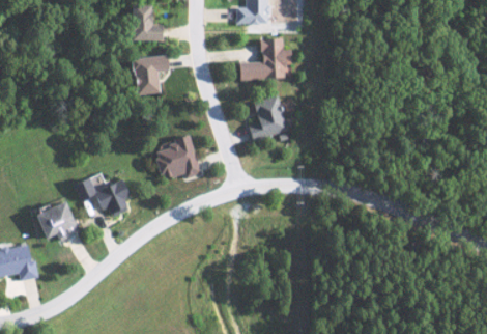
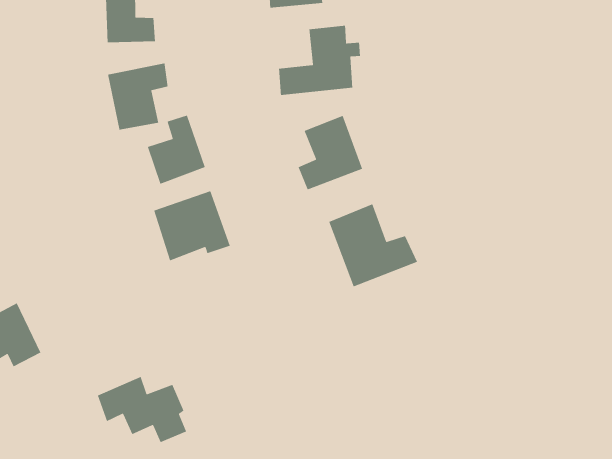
building: none -> [147,114,206,185]
building: none -> [328,203,418,287]
building: [75,173,131,217] -> [97,376,187,443]

